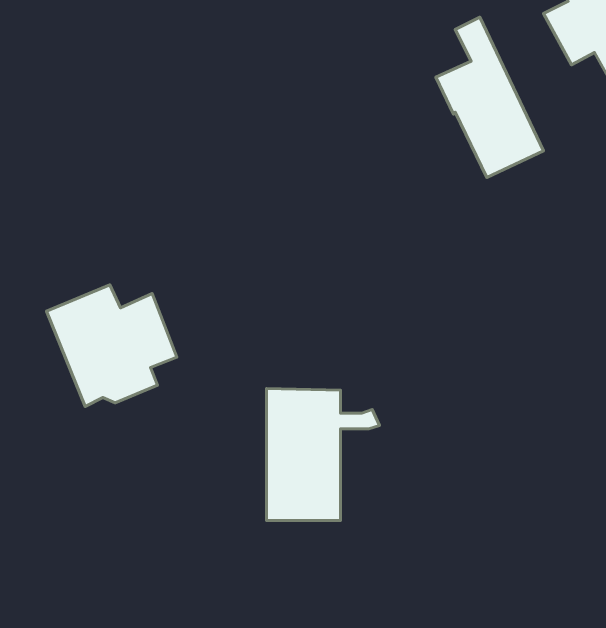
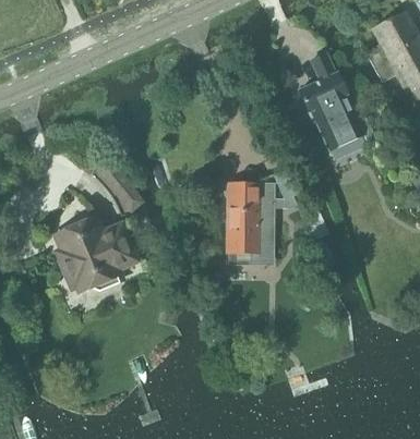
building: none -> [91,153,144,211]
building: [267,388,379,520] -> [227,181,297,263]

